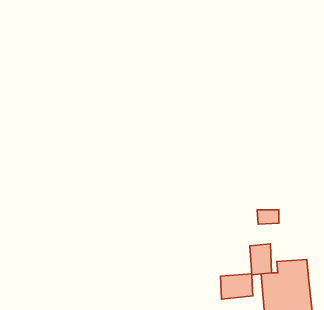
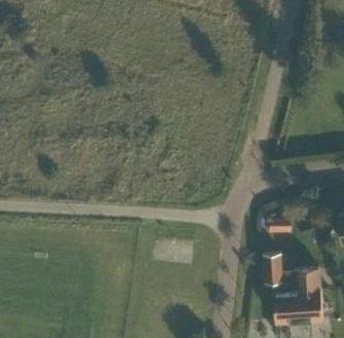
building: [220,274,253,299] -> none

